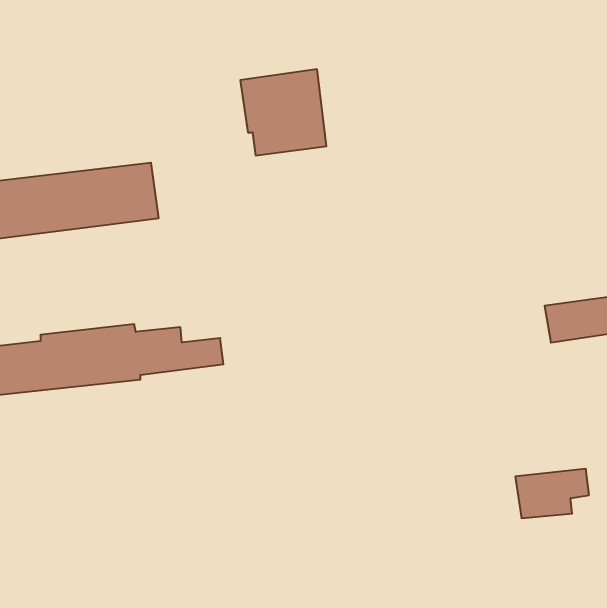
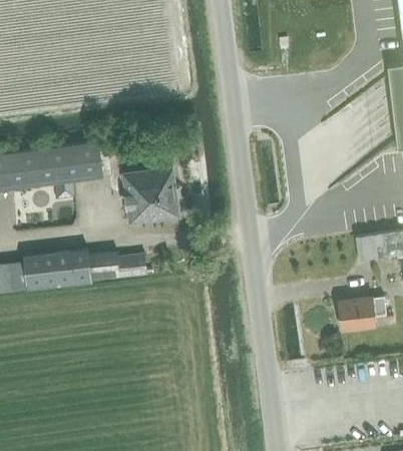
building: [240,69,326,155] -> [123,167,179,223]
building: [515,469,589,518] -> [339,297,387,329]

